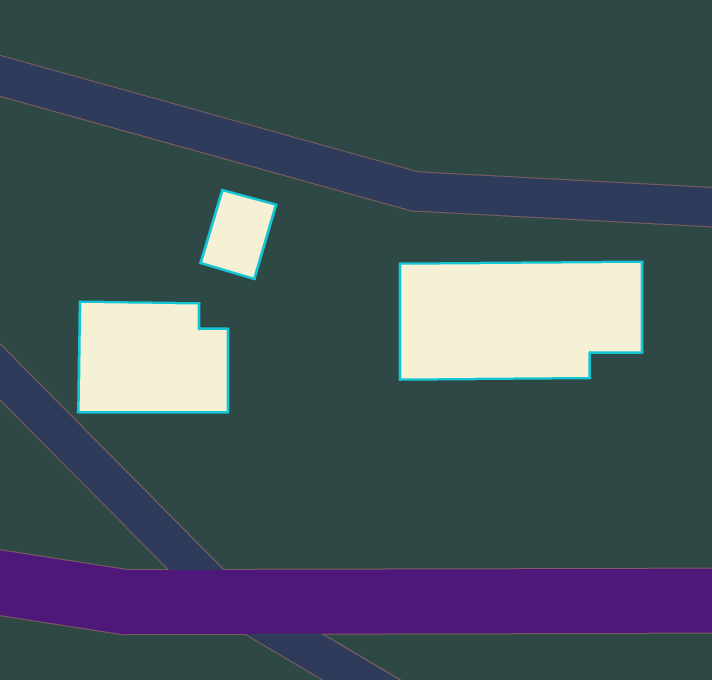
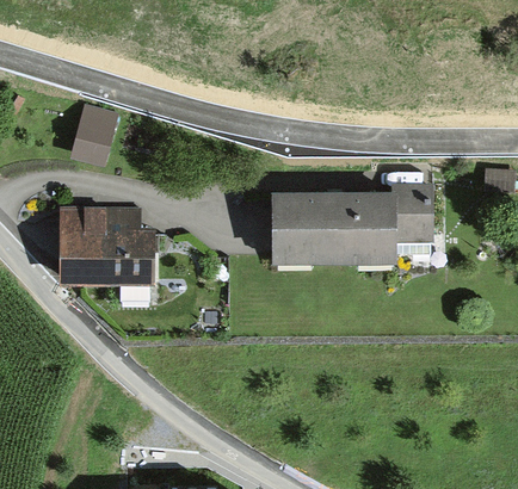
building: [200,190,276,279] -> [67,112,117,171]

